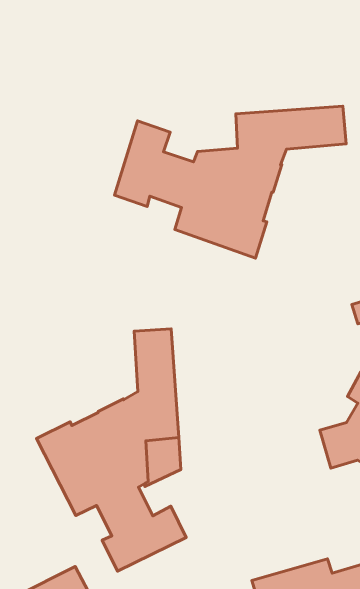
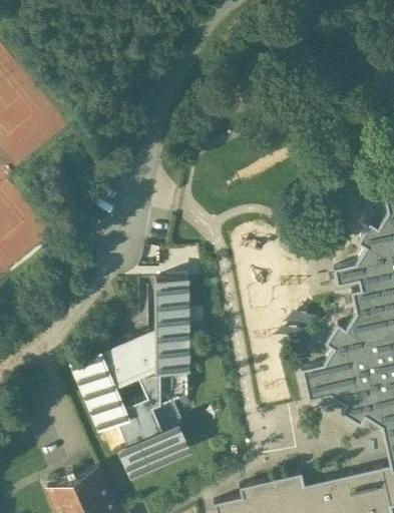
building: [114,106,346,258] -> none

